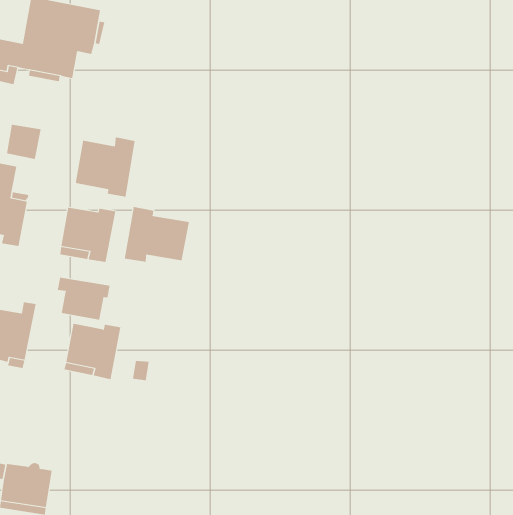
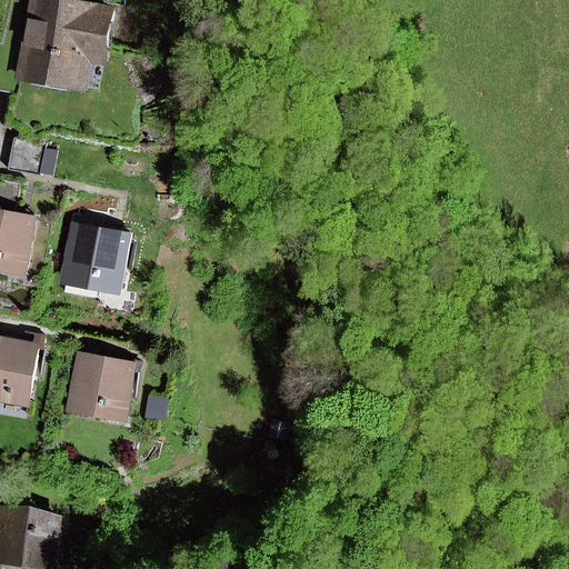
building: [75,137,135,198] -> none
building: [124,206,189,263] -> none
building: [57,277,110,321] -> none

